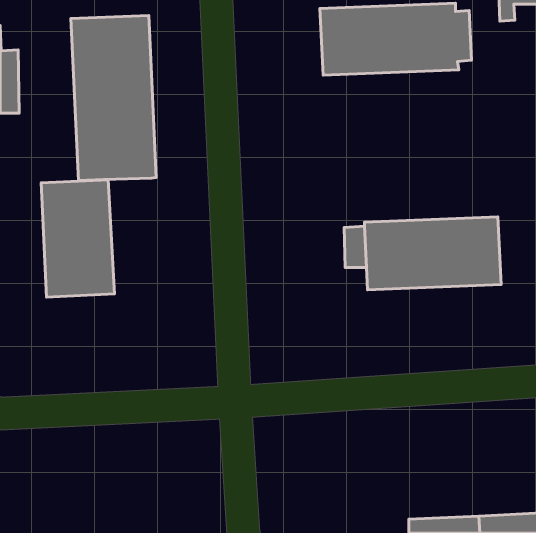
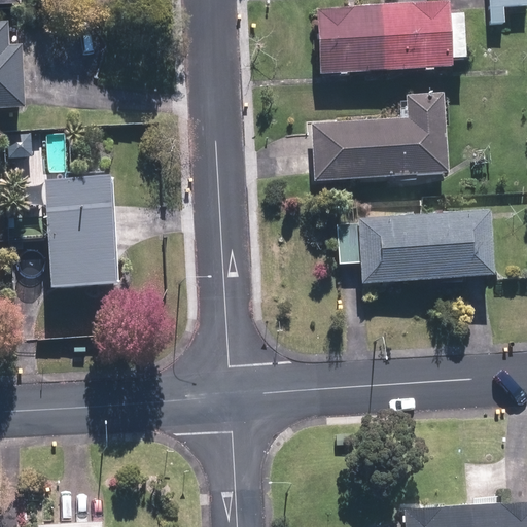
building: [71,16,156,181] -> none
building: none -> [312,92,447,179]

